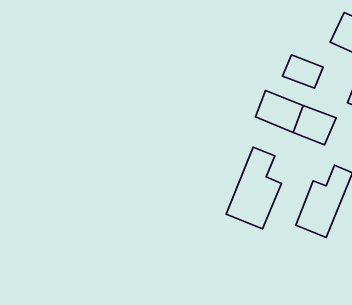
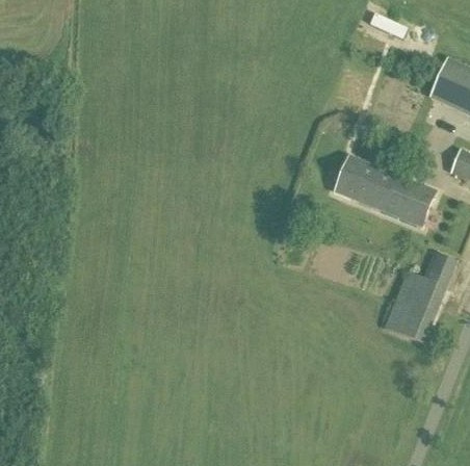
building: [282,55,323,88] -> none
building: [226,147,282,229] -> none

